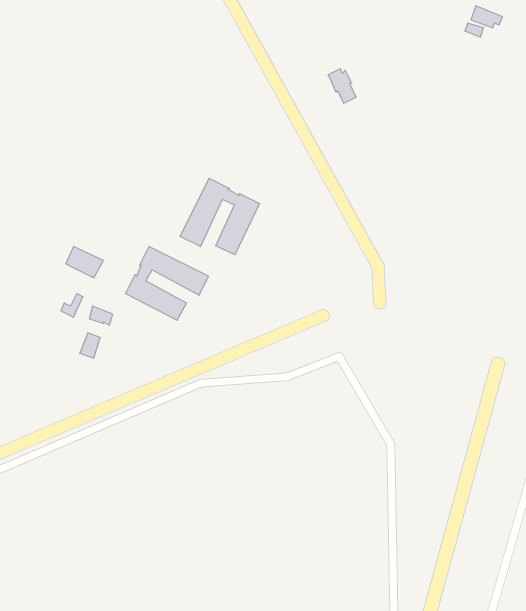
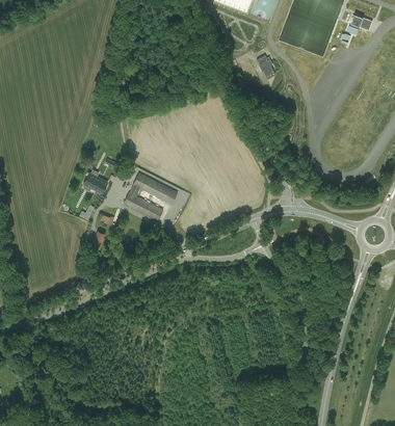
building: [180,178,260,255] -> none

